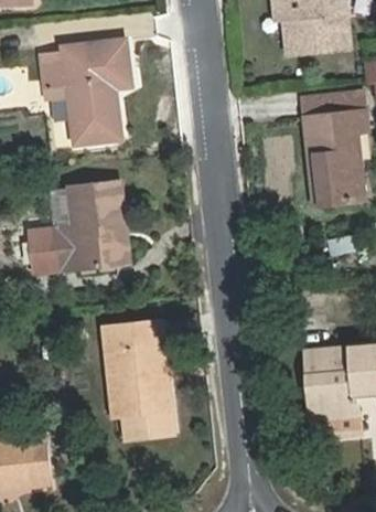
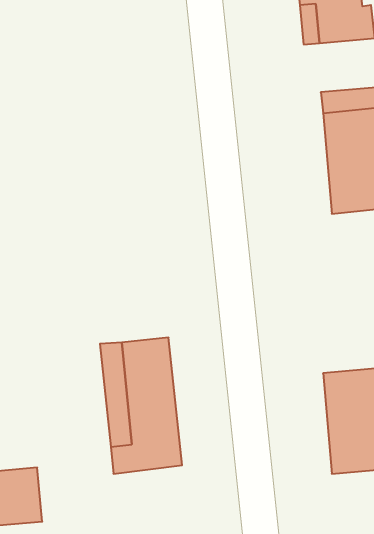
building: [40,38,132,147] -> none
building: [30,181,130,274] -> none

